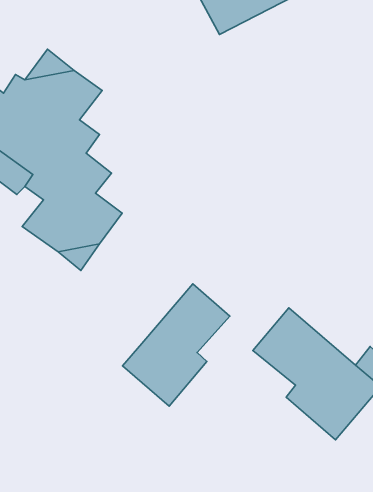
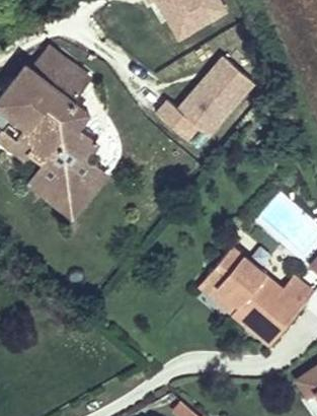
building: none -> [158,50,259,138]
building: [123,284,230,406] -> none

